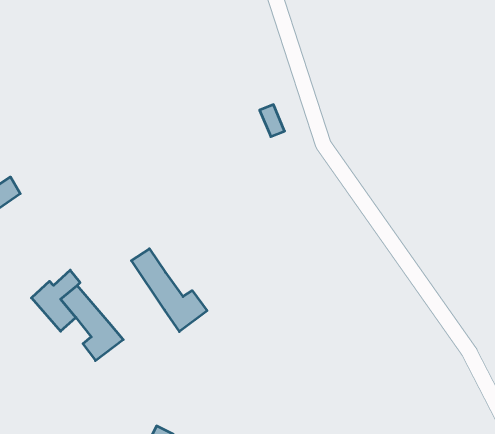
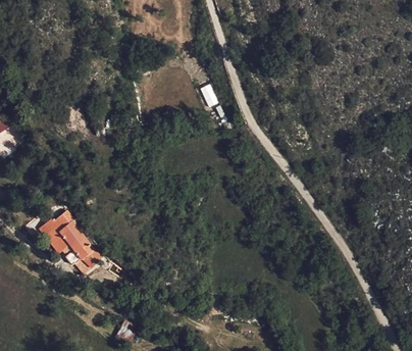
building: [131,249,207,332] -> none

